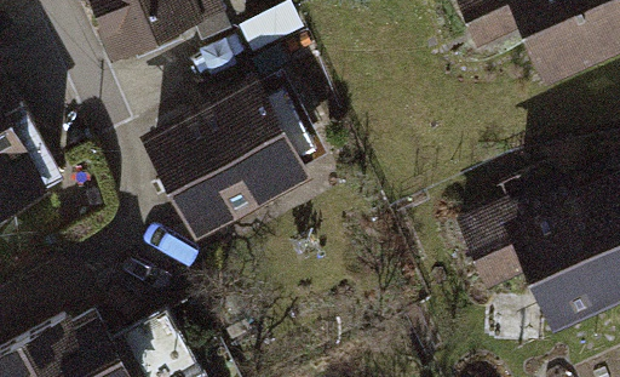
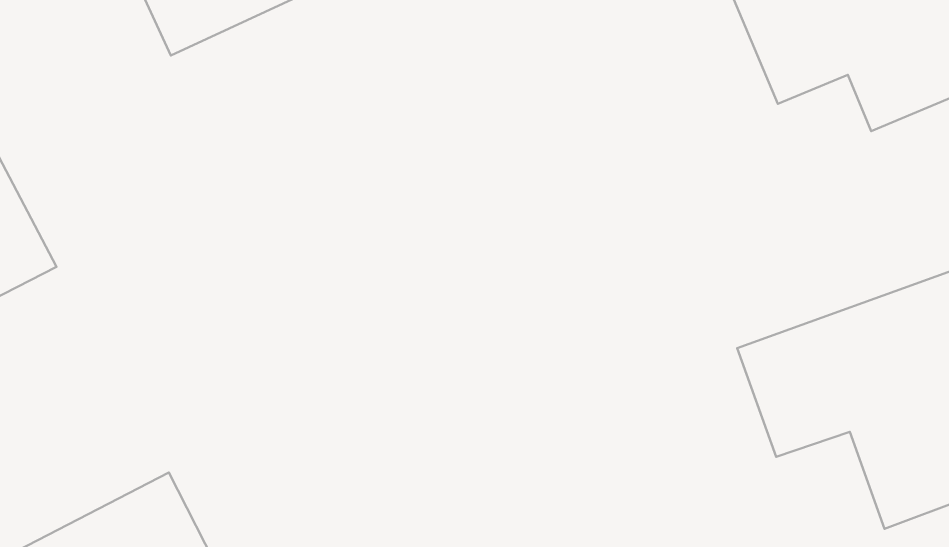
building: [147,73,308,224] -> none

